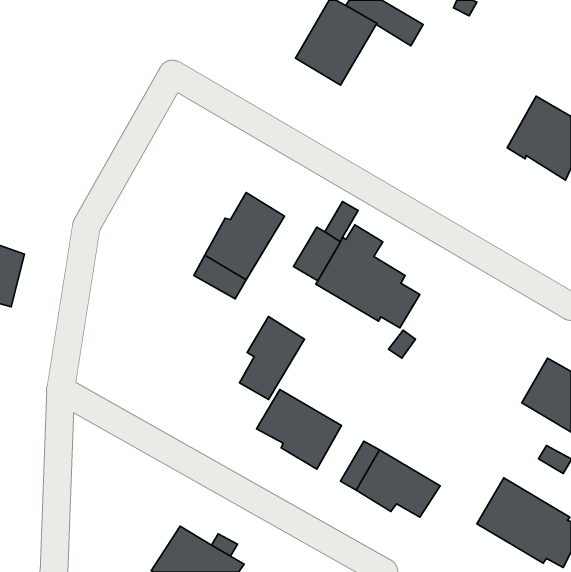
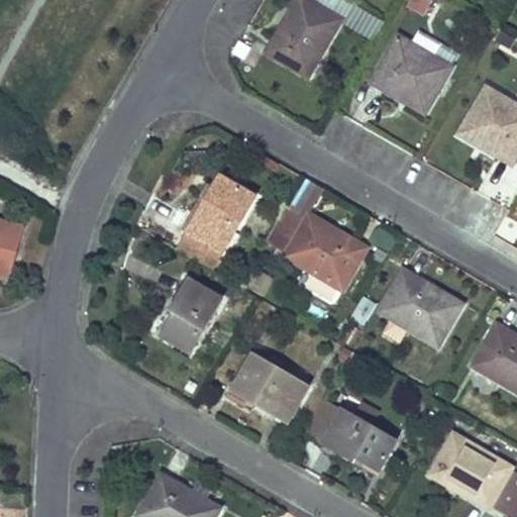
building: none -> [372,36,448,112]
building: none -> [378,269,459,344]
building: [239,317,304,399] -> [162,278,220,352]

